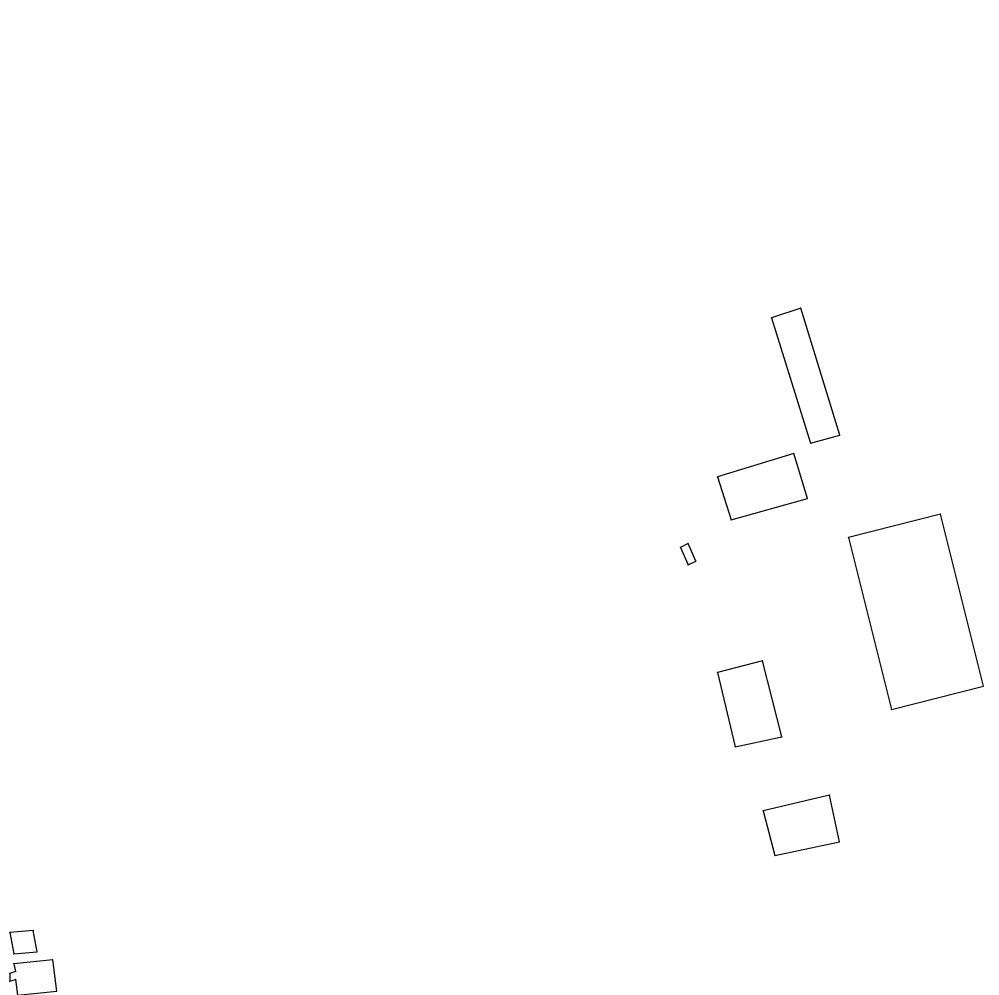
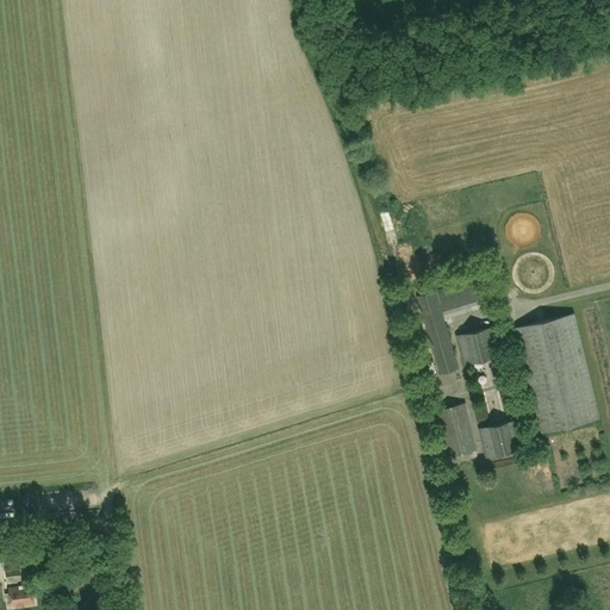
building: [771,308,840,443] -> [417,293,459,375]
building: none -> [456,329,502,360]
building: [763,795,839,856] -> [479,422,525,459]

